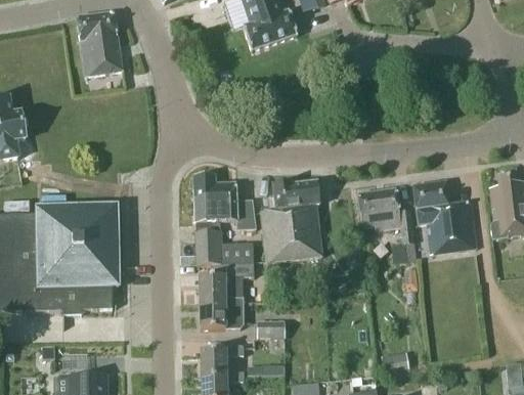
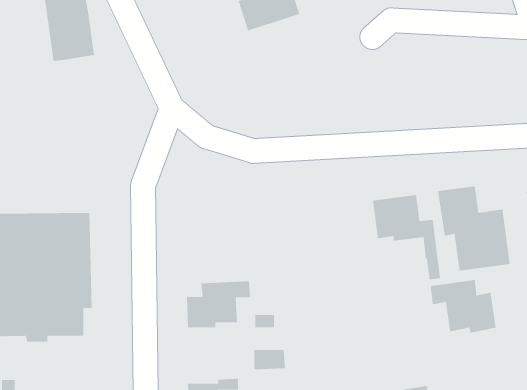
building: [193,175,255,265] -> none
building: [260,181,321,261] -> none
building: none -> [430,279,496,334]
building: [200,298,243,328] -> none

